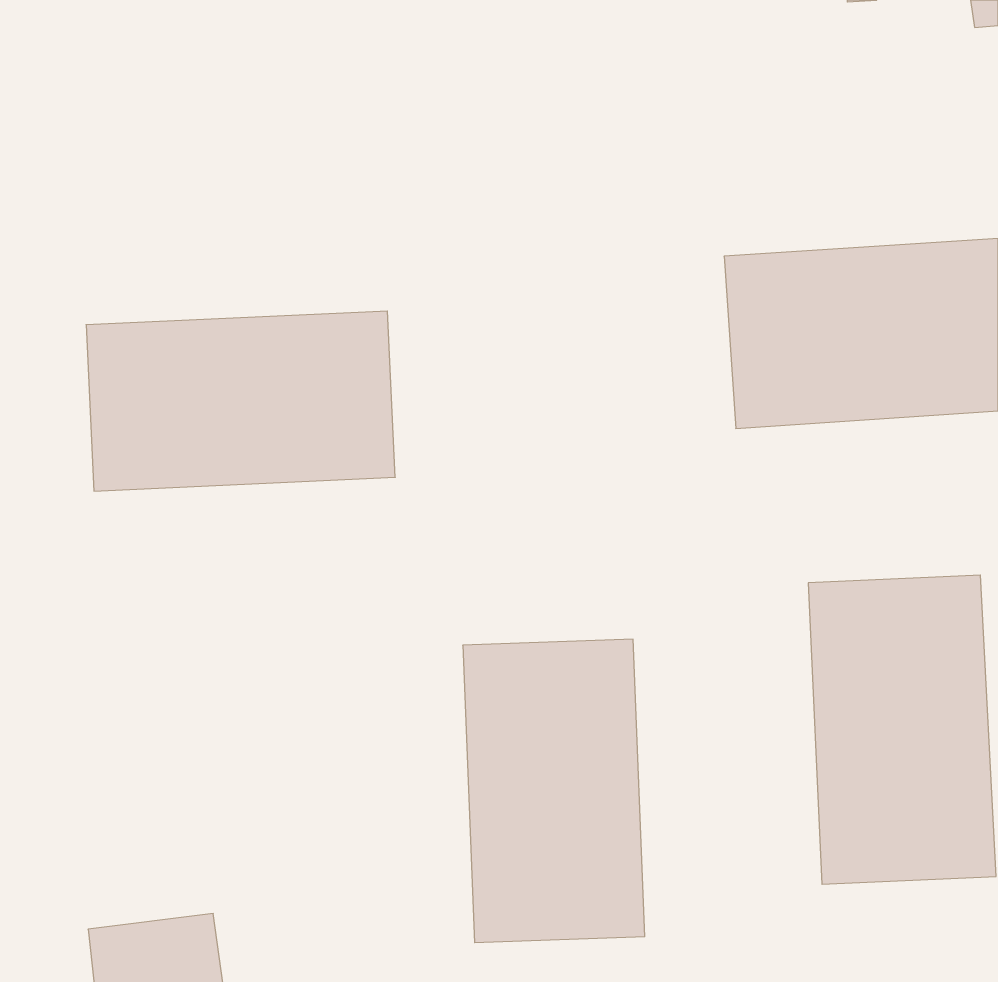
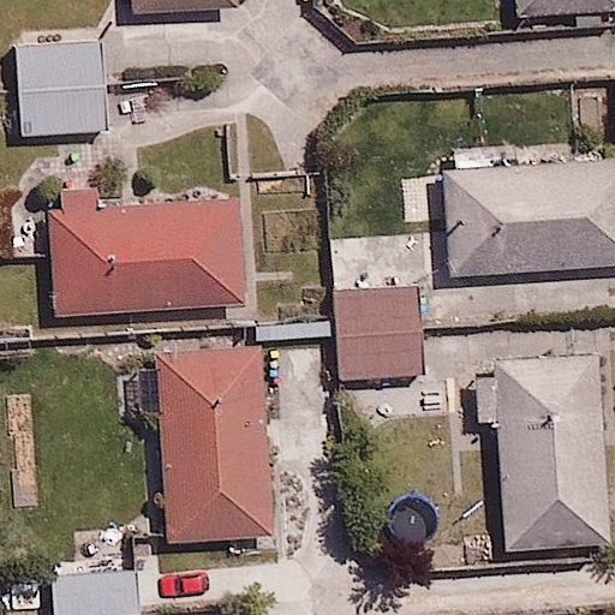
building: none -> [14,36,103,130]
building: none -> [335,288,419,386]
building: [463,639,645,943] -> [157,351,269,537]

